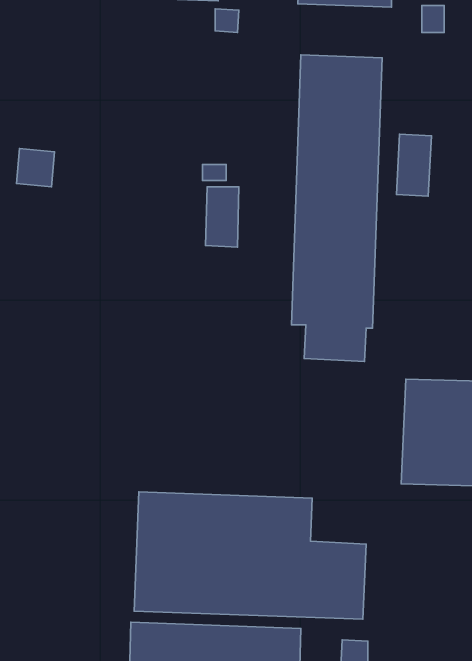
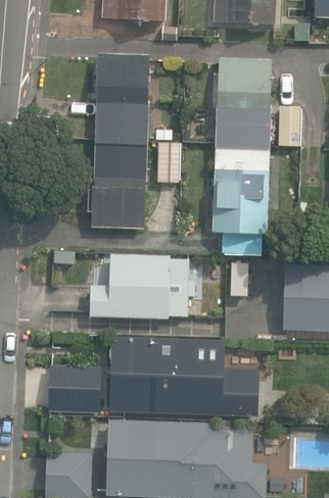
building: none -> [91,52,149,227]
building: none -> [90,251,197,317]
building: none -> [49,363,101,407]

